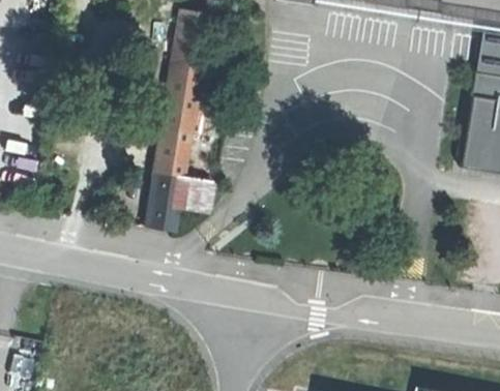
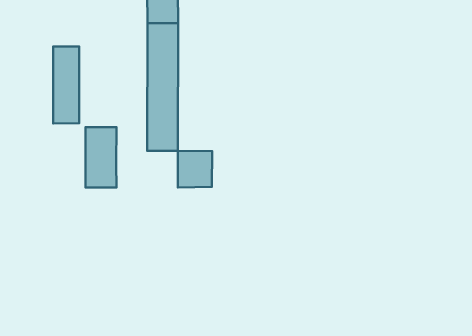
building: none -> [53,46,79,123]
building: [149,173,184,230] -> [86,127,116,188]

